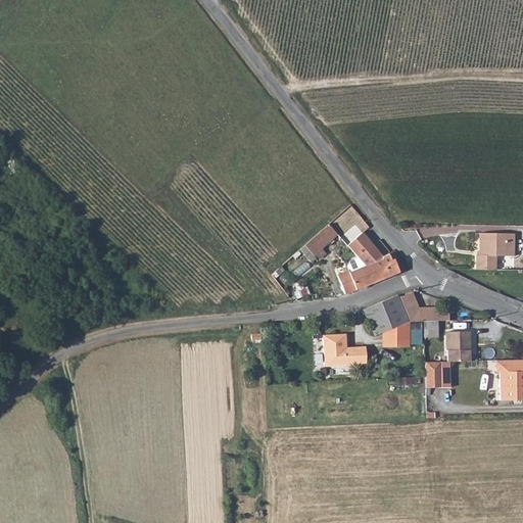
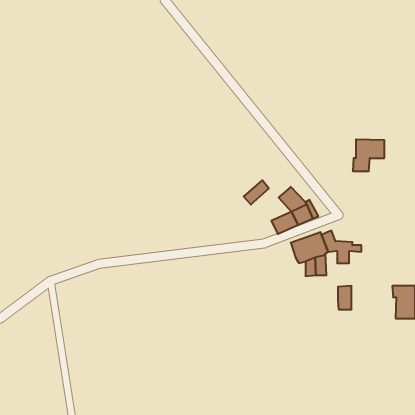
building: [474,231,514,271] -> [353,139,384,171]
building: [447,330,471,360] -> none
building: [324,335,367,365] -> none

